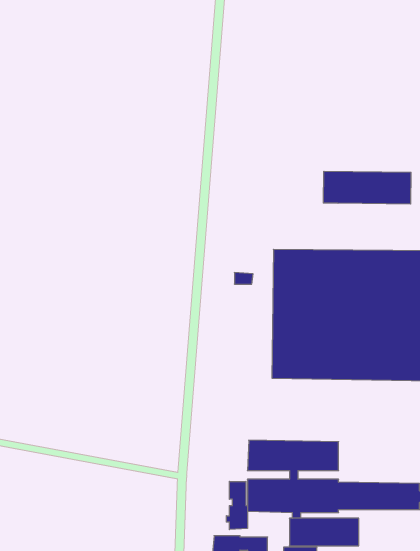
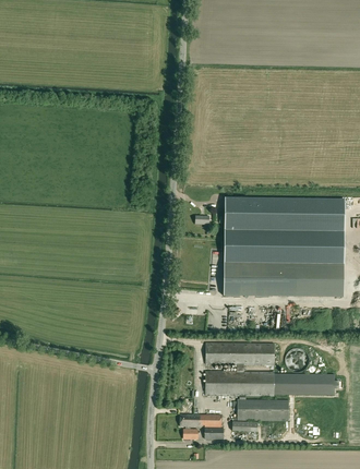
building: [323,171,411,204] -> none
building: [226,481,247,530] -> none

